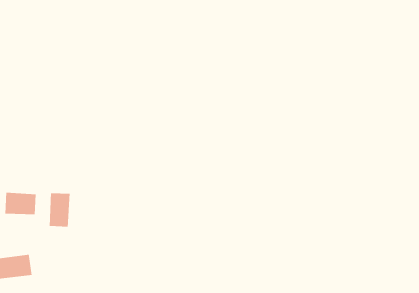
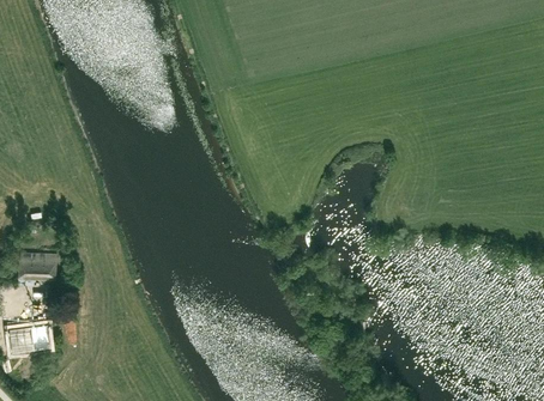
building: [49,192,70,227] -> none

